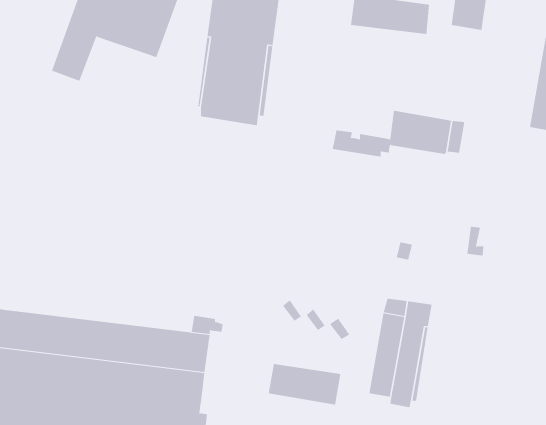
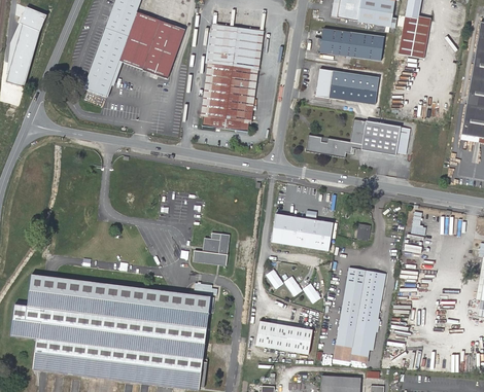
building: none -> [316,69,378,103]
building: none -> [273,212,335,250]
building: none -> [195,233,231,264]
building: none -> [332,343,368,361]

